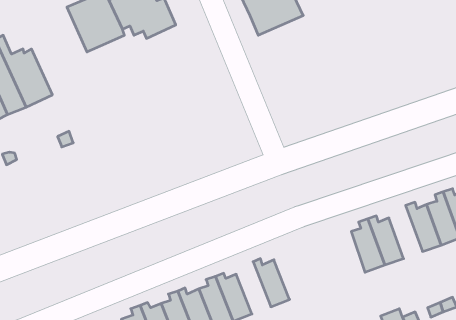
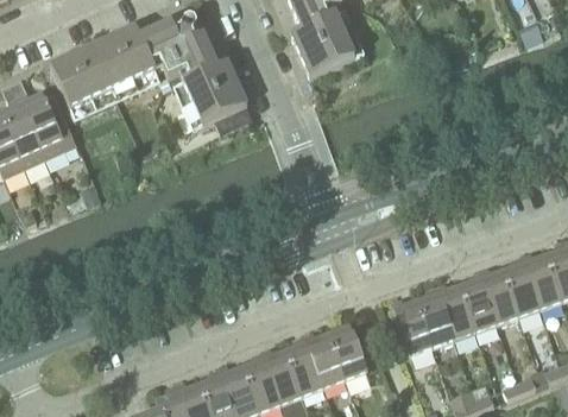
building: none -> [50,44,115,114]
building: none -> [176,59,247,127]
building: none -> [459,270,497,330]
building: none -> [391,297,431,353]
building: none -> [328,317,367,377]
building: none -> [285,334,324,393]

